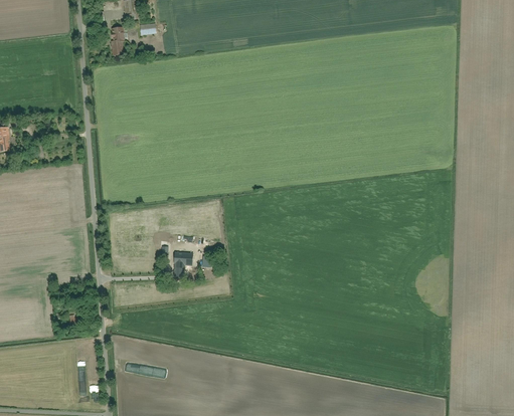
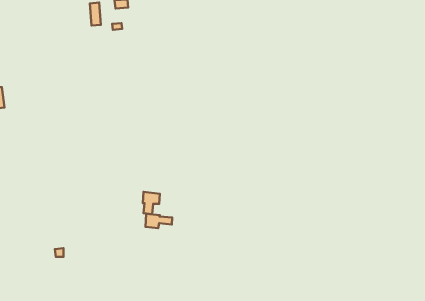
building: none -> [145,214,172,228]

